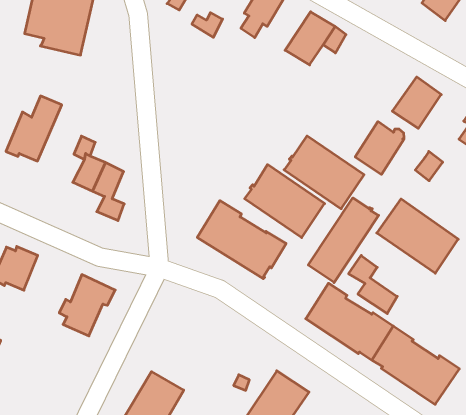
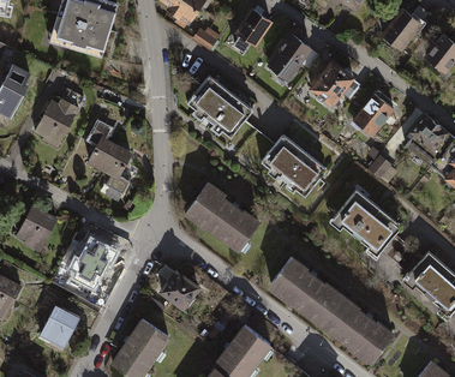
building: [355,122,404,174] -> [311,61,352,104]
building: [245,165,325,238] -> [186,77,251,138]
building: [308,198,379,283] -> none
building: [349,255,397,314] -> none
building: none -> [161,271,197,307]
building: none -> [37,309,79,345]

